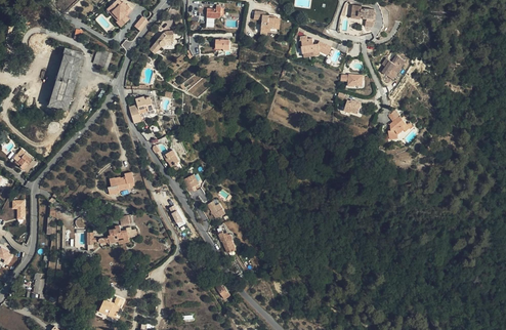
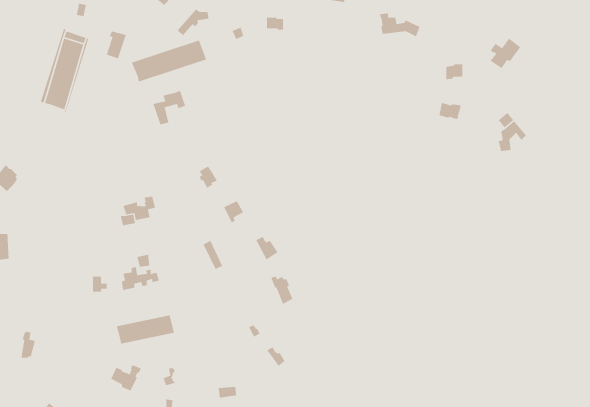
building: none -> [131,39,207,83]
building: none -> [116,314,175,345]

